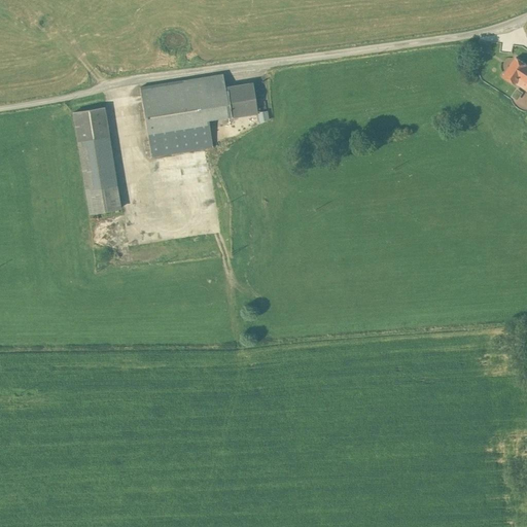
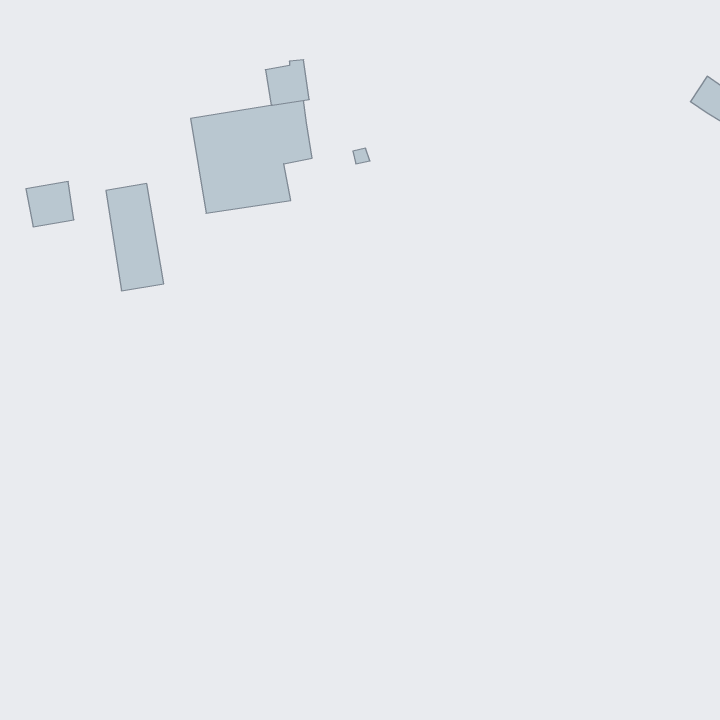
building: [224,83,256,116] -> [265,60,309,105]
building: [73,107,108,140] -> [26,182,74,227]

